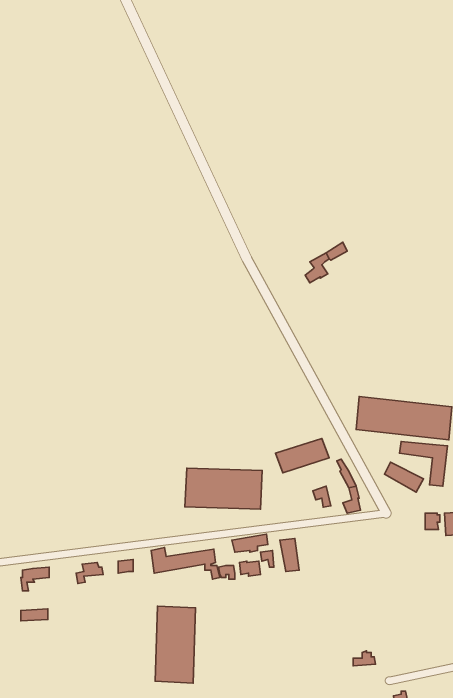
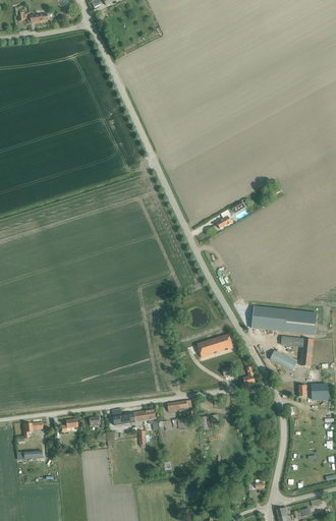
building: [185,468,262,509] -> none
building: [155,606,195,683] -> none

